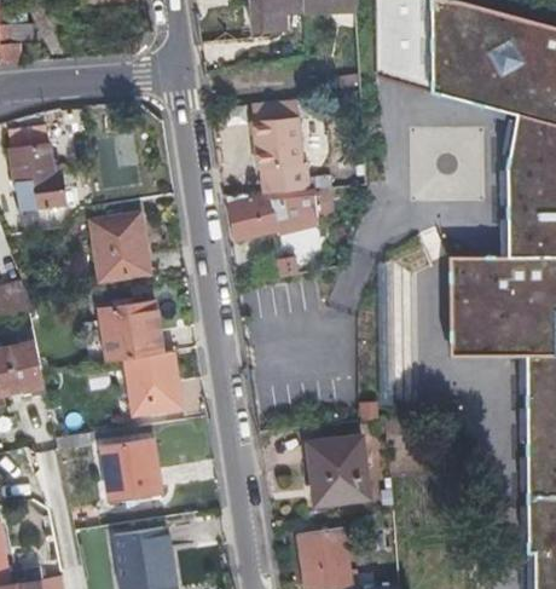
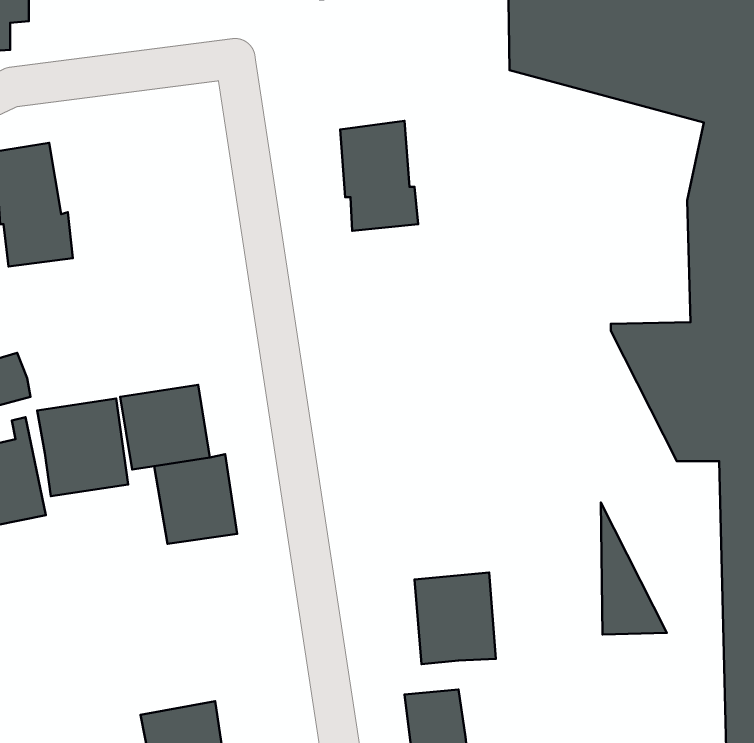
building: [226,185,322,237] -> none
building: [93,215,151,276] -> none
building: [450,262,497,357] -> [601,503,667,635]
building: none -> [37,399,128,496]
building: [103,439,161,500] -> none

